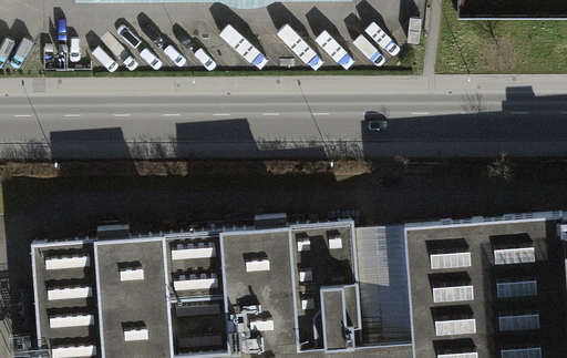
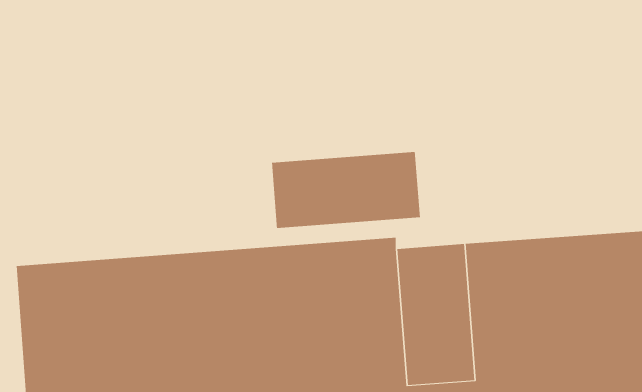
building: none -> [271,151,420,229]

